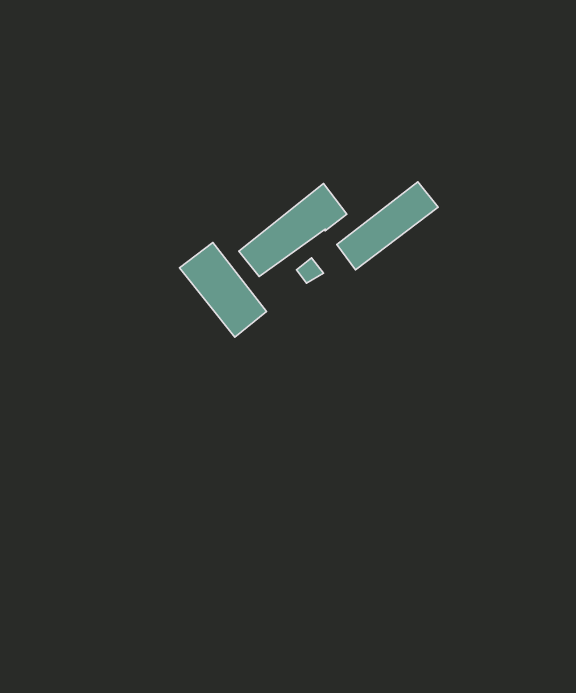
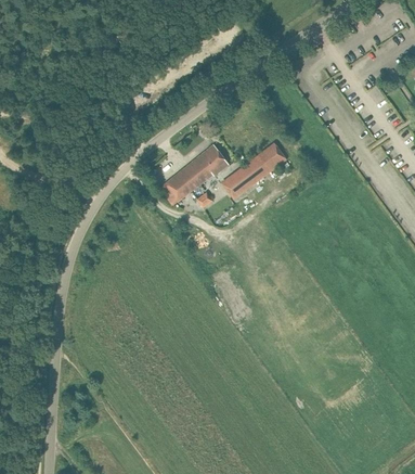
building: [180,242,266,337] -> none

